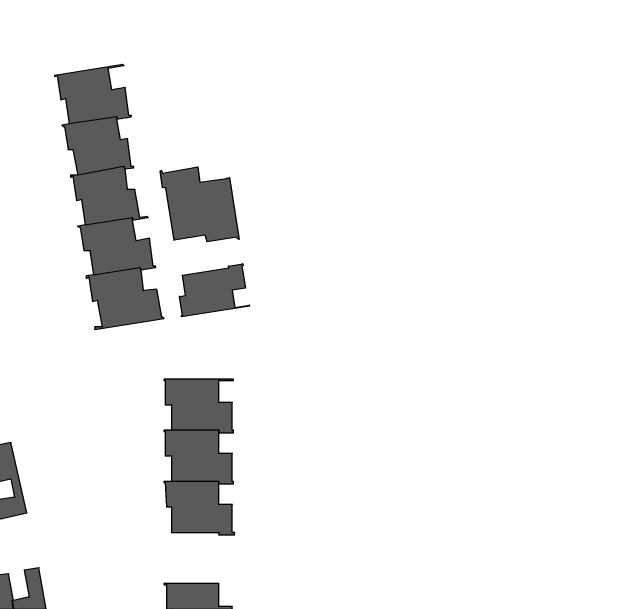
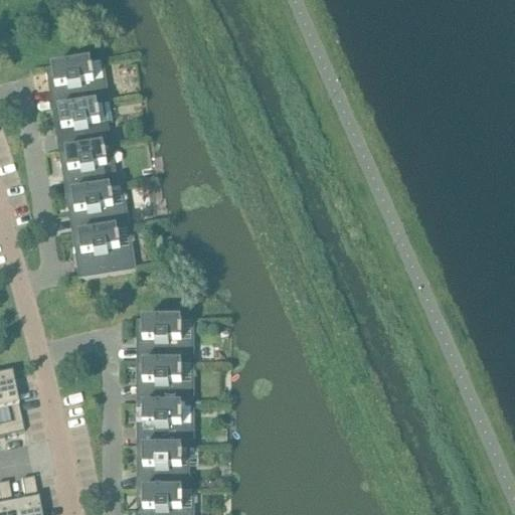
building: [160,167,239,242] -> none
building: [180,264,249,317] -> none
building: none -> [136,441,194,485]

